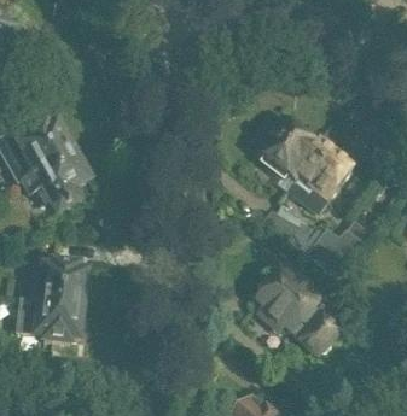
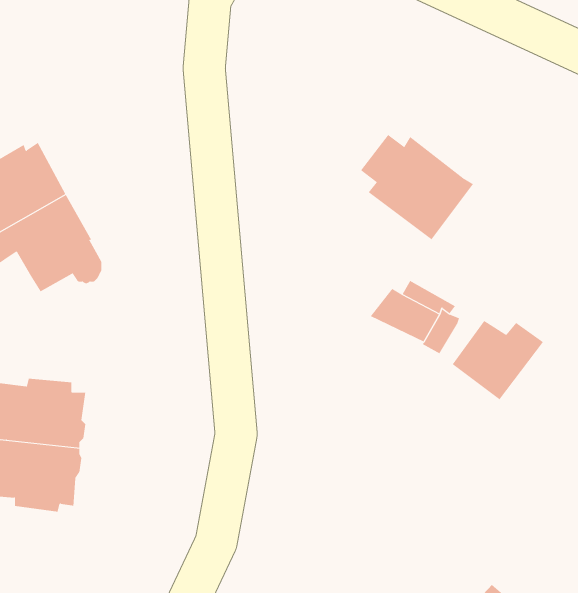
building: [289,135,356,211] -> none
building: [257,265,344,358] -> none

